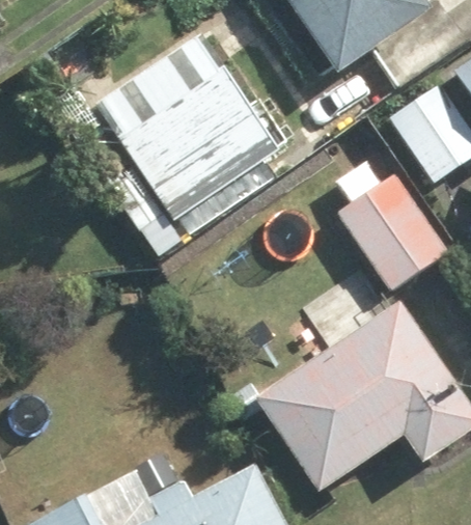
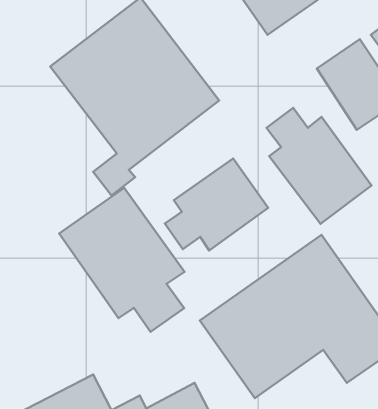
building: none -> [165,159,268,250]
building: none -> [59,188,185,332]

